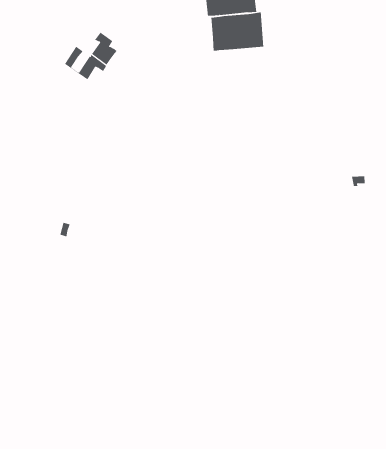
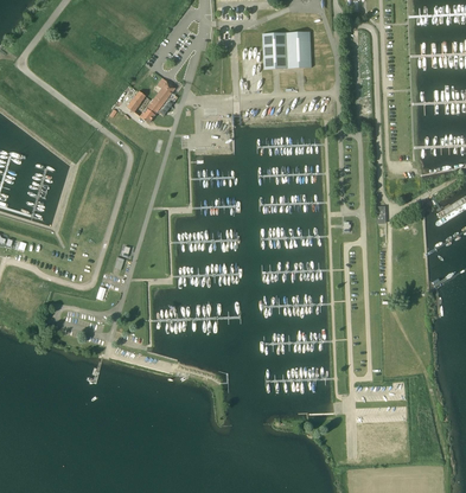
building: [211,12,264,52] -> none

